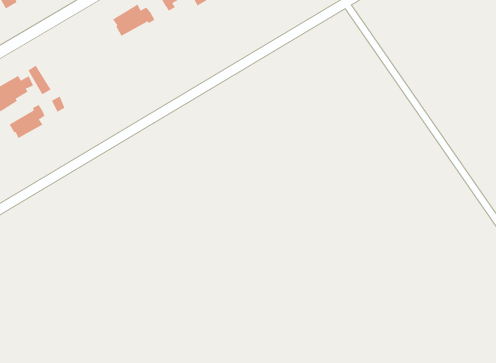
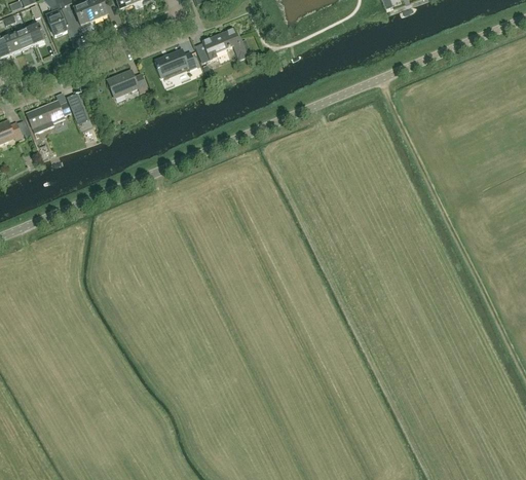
building: none -> [108,69,148,97]
building: [9,104,45,139] -> none

